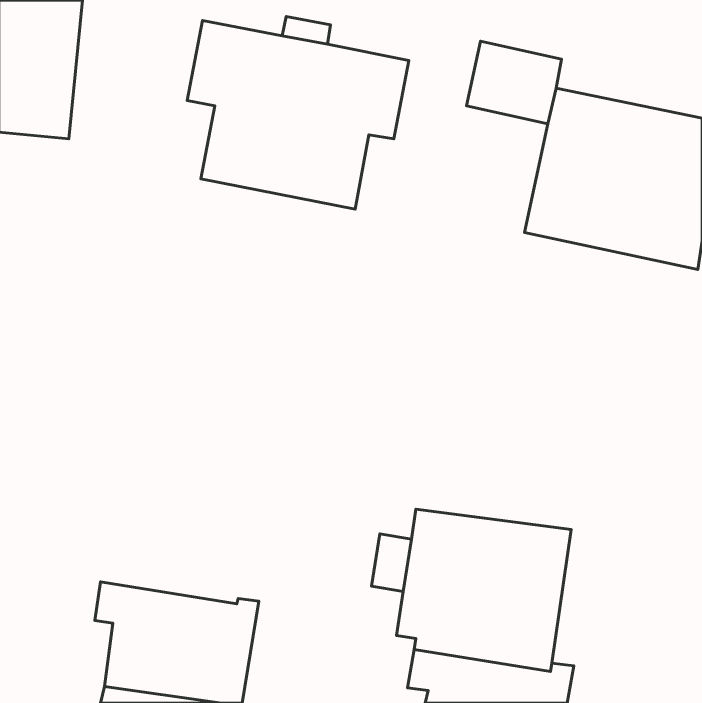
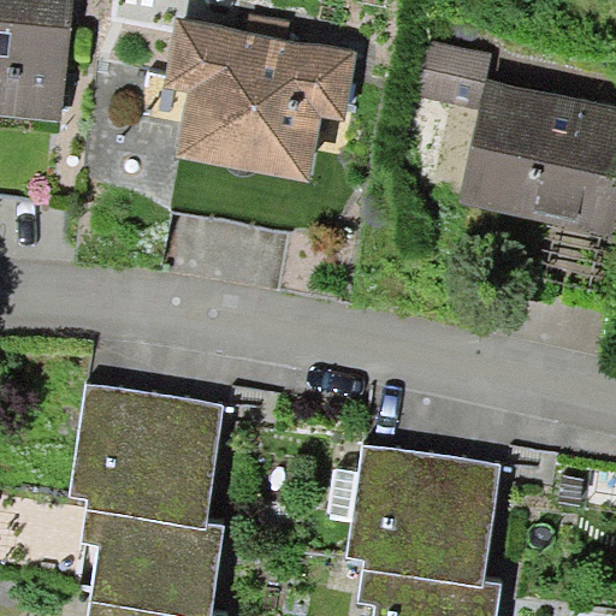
building: none -> [70,386,225,528]

